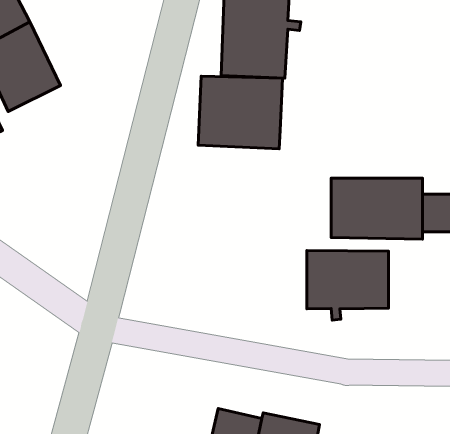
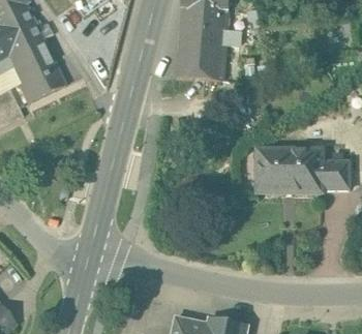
building: [198,76,282,149] -> none
building: [307,251,388,320] -> none

